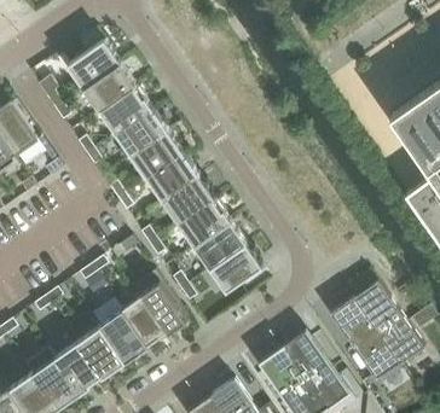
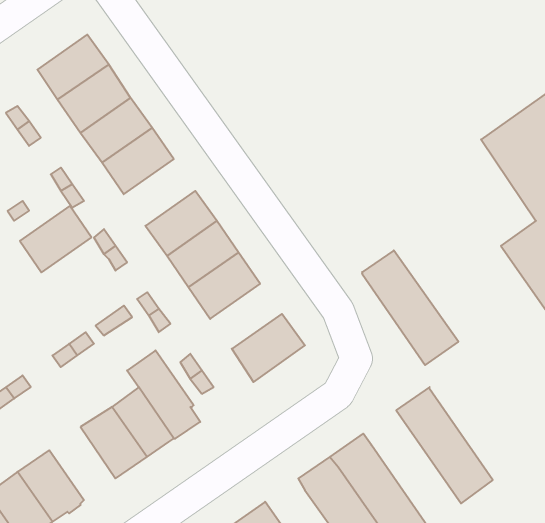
building: [132,130,184,179] -> [20,206,91,272]
building: [195,221,247,268] -> none
building: [354,280,424,363] -> [362,250,458,365]
building: [77,325,126,378] -> none

